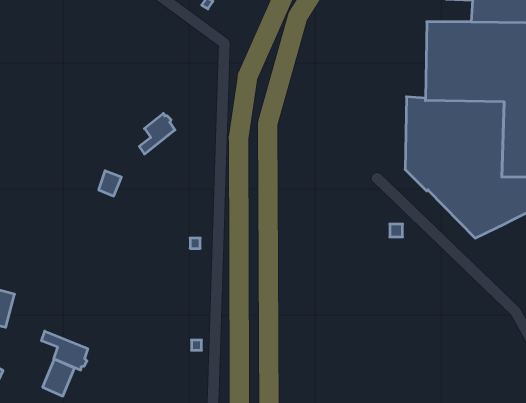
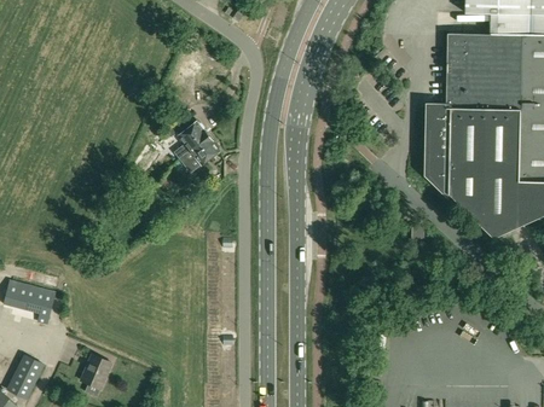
building: none -> [179,136,220,165]
building: [42,331,88,370] -> none

